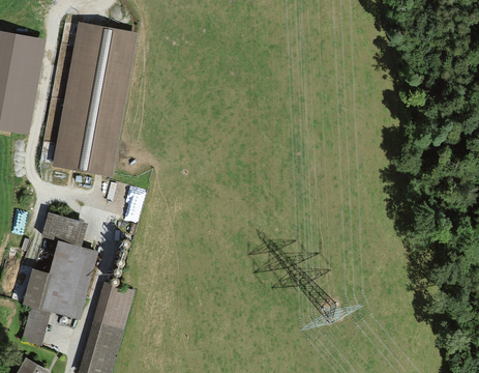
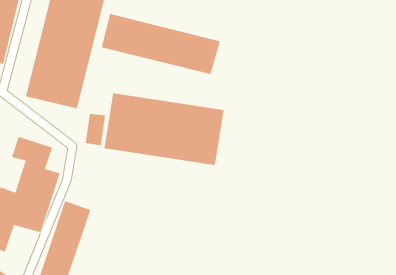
building: none -> [101,13,221,75]
building: none -> [104,92,224,166]

